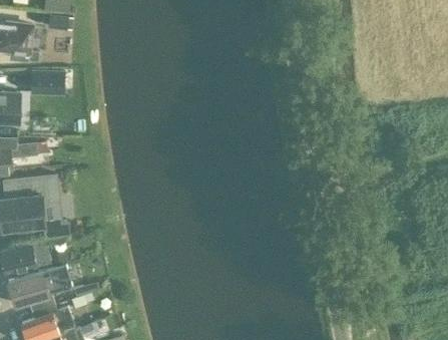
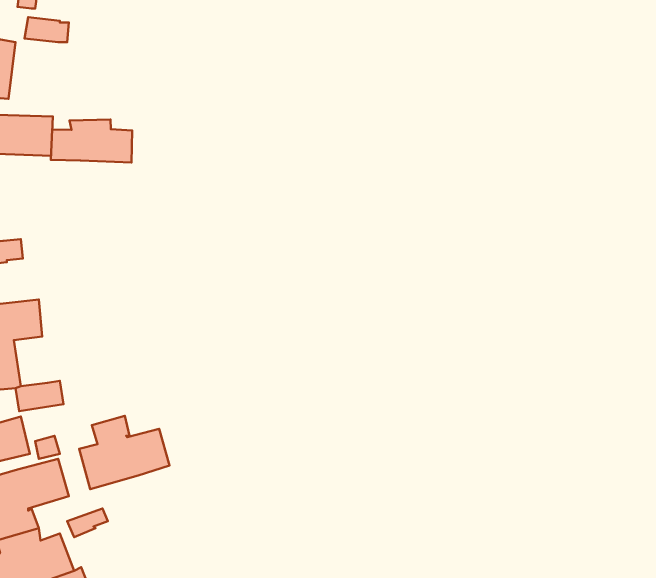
building: none -> [51,119,132,162]
building: none -> [79,416,169,489]

